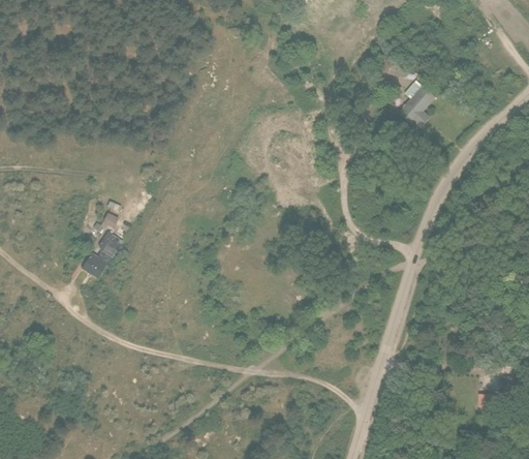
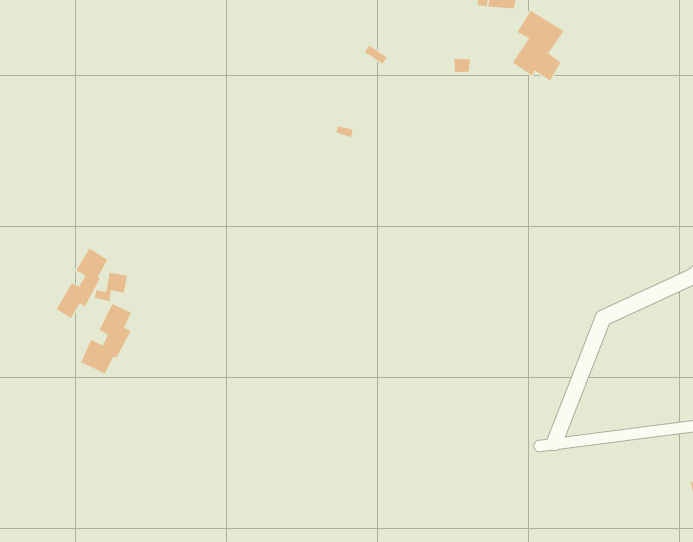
building: none -> [56,248,108,319]

